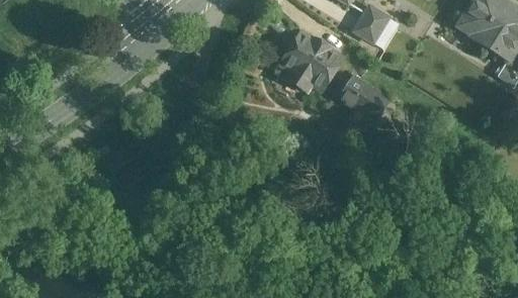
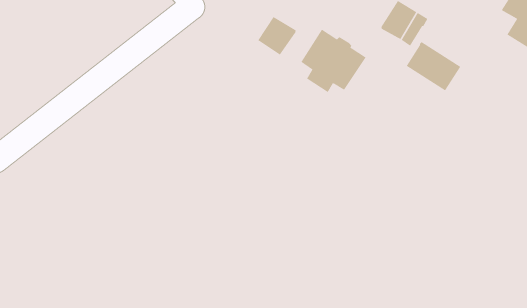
building: none -> [258,16,297,56]
building: [338,75,388,120] -> [406,42,461,91]

